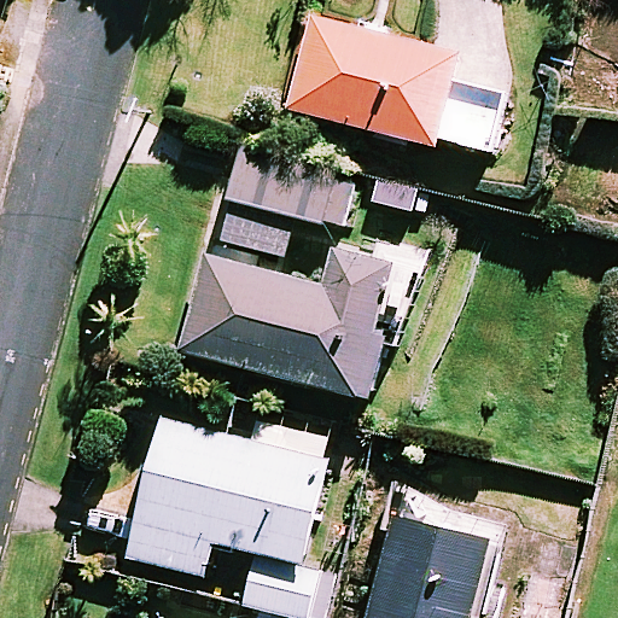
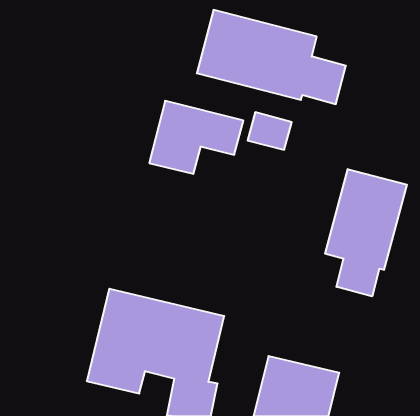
building: none -> [325,169,407,296]
building: [175,246,395,401] -> none

